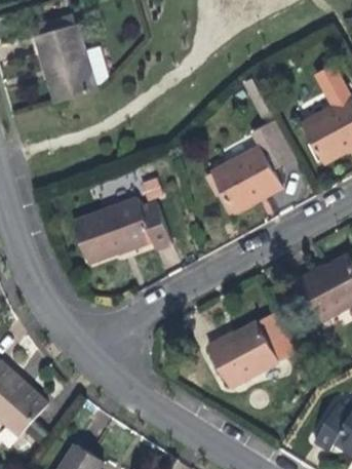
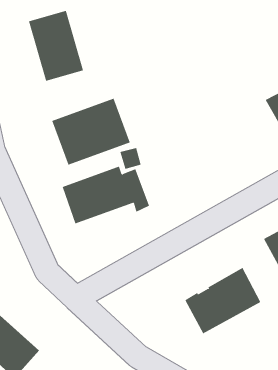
building: none -> [52,98,130,166]
building: [211,122,298,211] -> none

